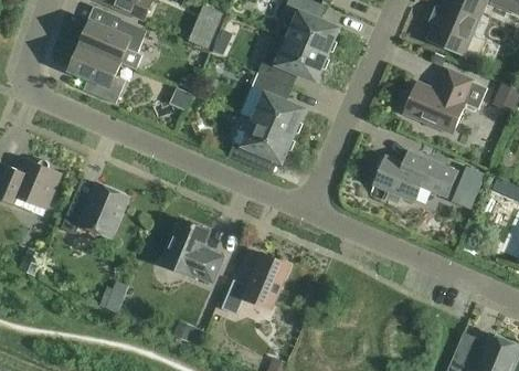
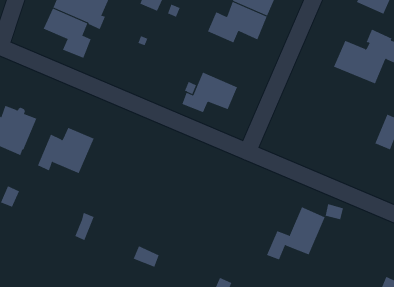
building: [251,73,305,136] -> none
building: [373,150,457,206] -> none
building: [159,218,223,283] -> none
building: [220,253,288,315] -> [266,207,325,260]

